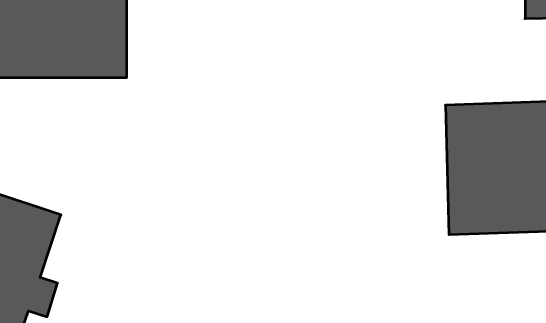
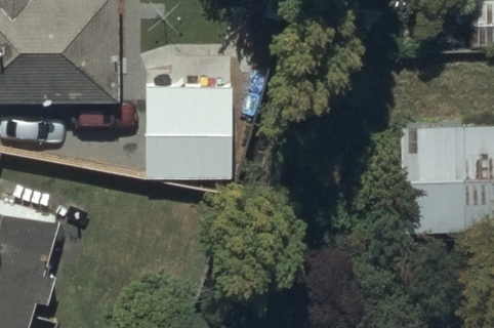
building: none -> [149,86,236,175]

